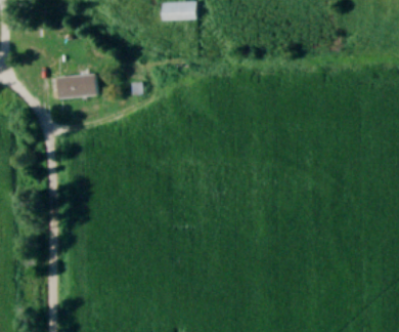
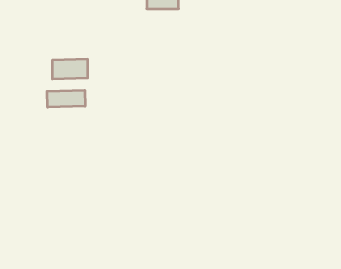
building: none -> [47,90,85,107]

